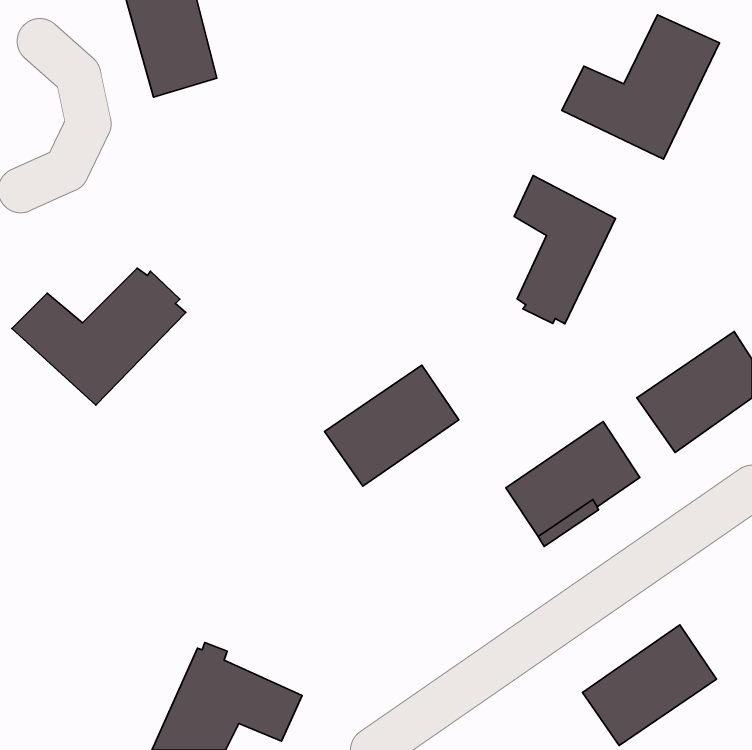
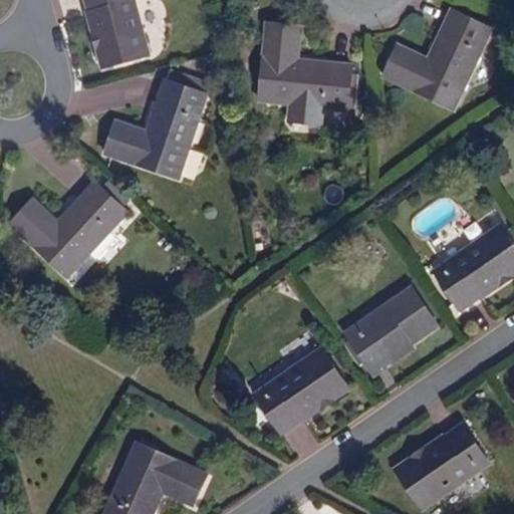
building: none -> [258,23,354,124]
building: none -> [105,76,206,180]
building: [514,176,615,324] -> none
building: [325,365,459,486] -> [255,349,346,432]

